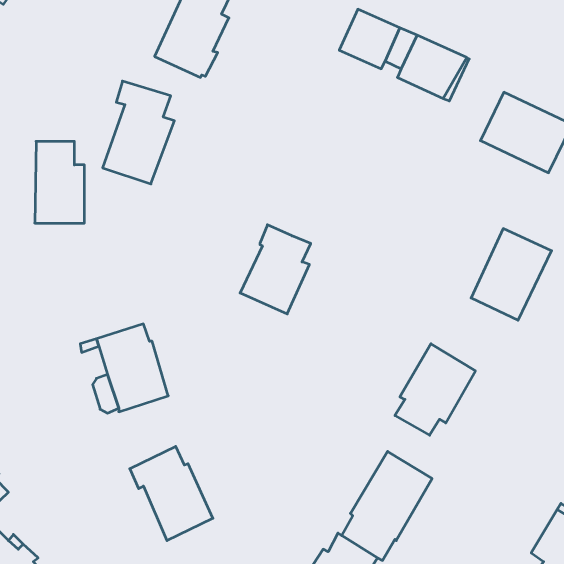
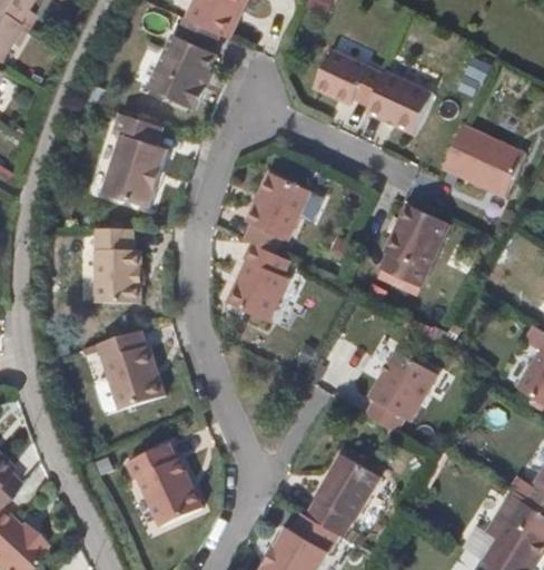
building: [35,141,84,223] -> [93,229,138,303]
building: none -> [243,173,309,253]
building: [471,229,552,320] -> [377,203,449,285]

